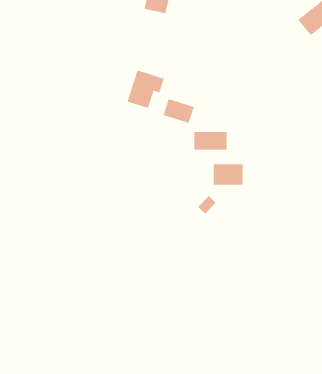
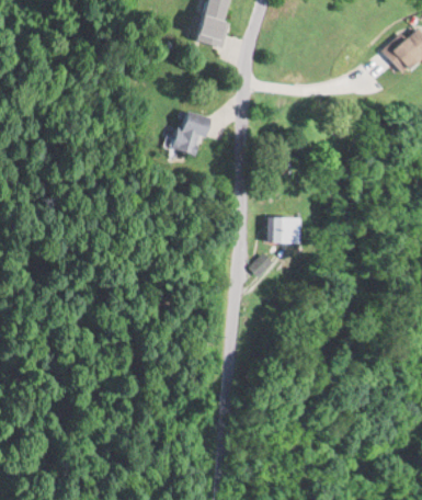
building: [163,98,195,124] -> none
building: [193,131,227,150] -> none

